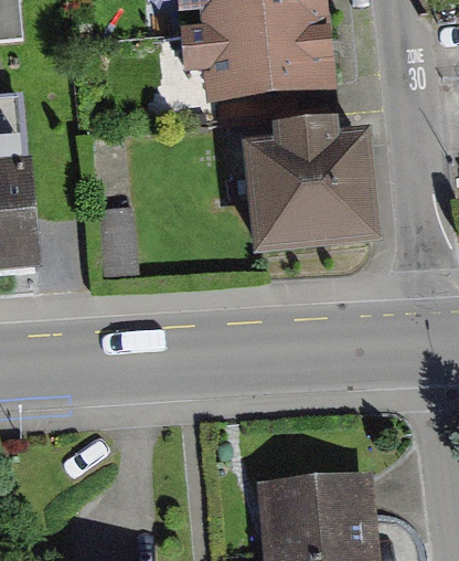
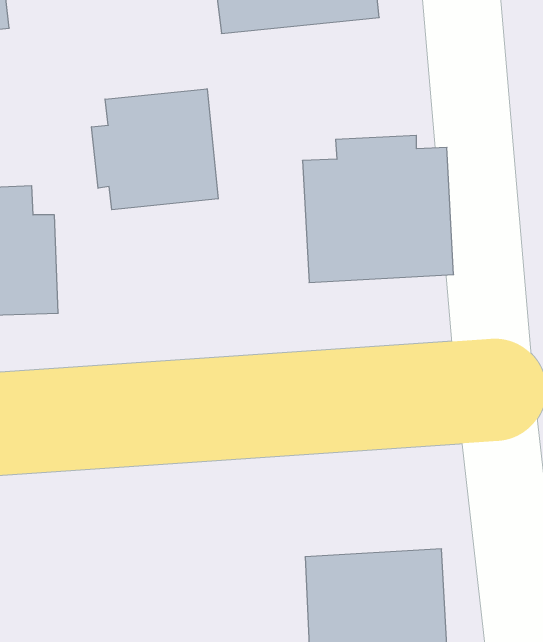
building: [185,25,323,107] -> none
building: none -> [92,89,218,210]

